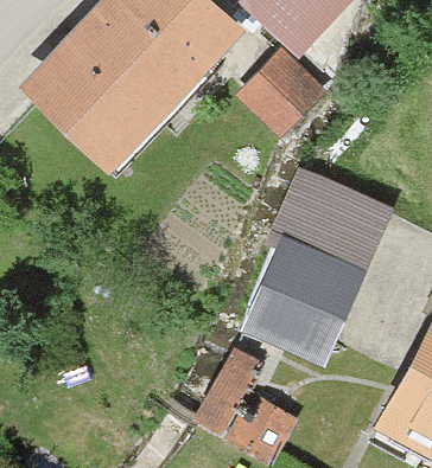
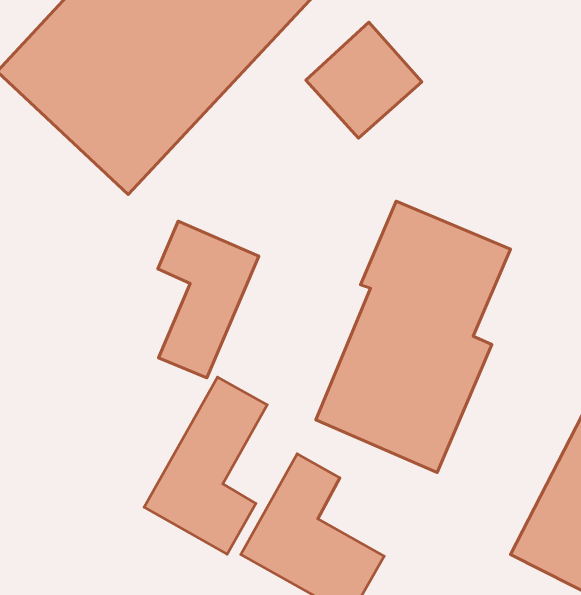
building: none -> [158,221,259,378]
building: none -> [144,377,267,554]

